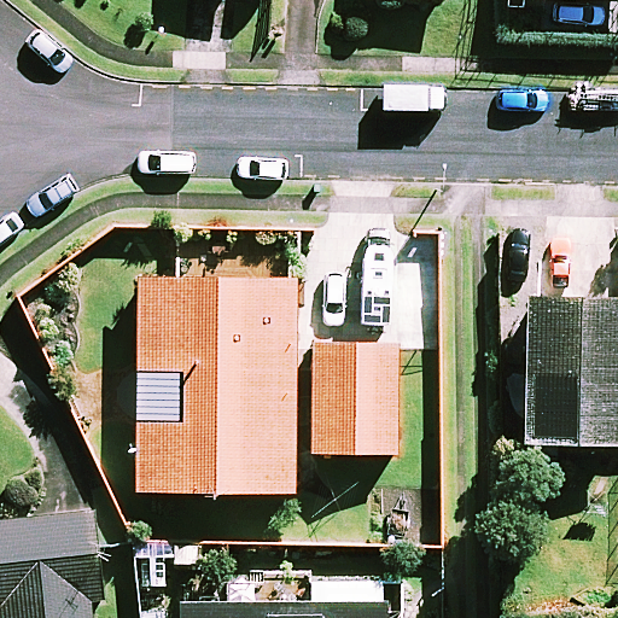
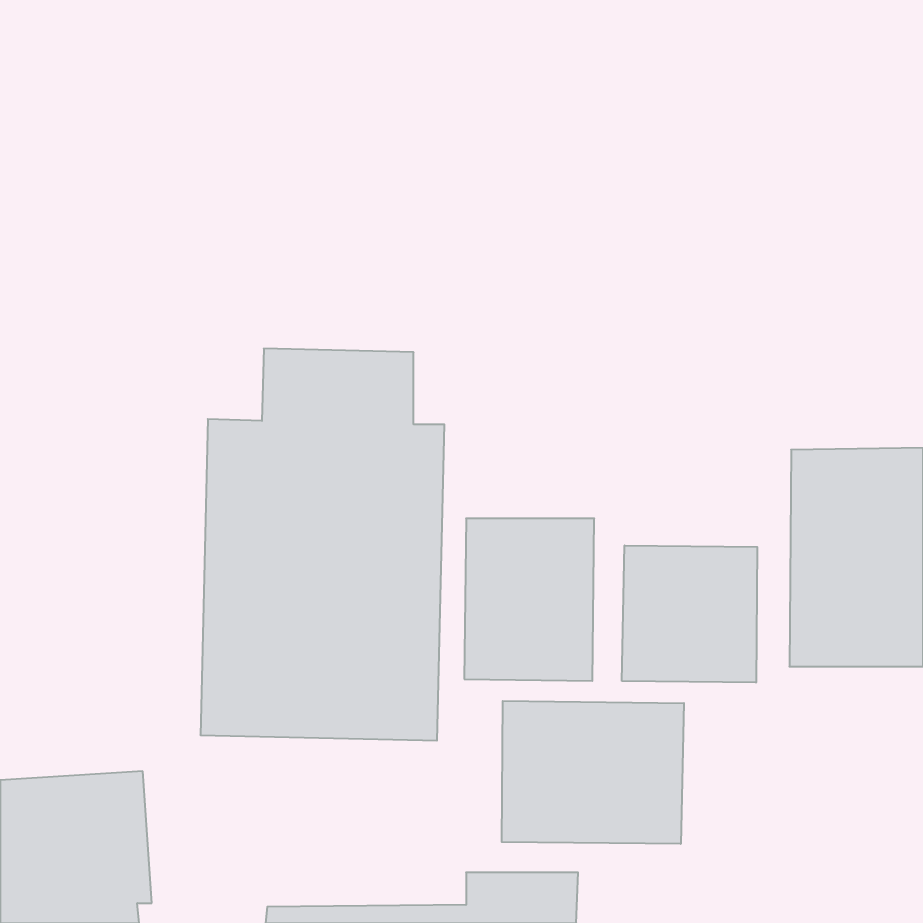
building: none -> [622,545,757,683]
building: none -> [502,701,684,844]

